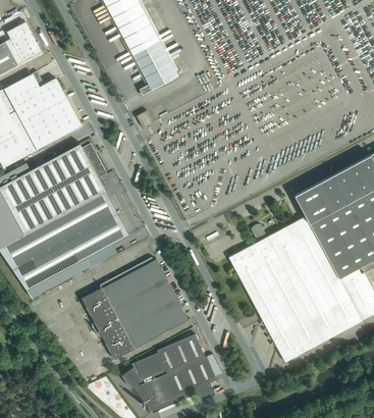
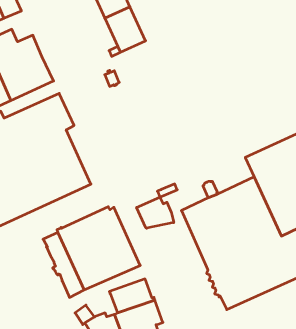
building: none -> [137,197,174,228]
building: [131,353,167,379] -> none

